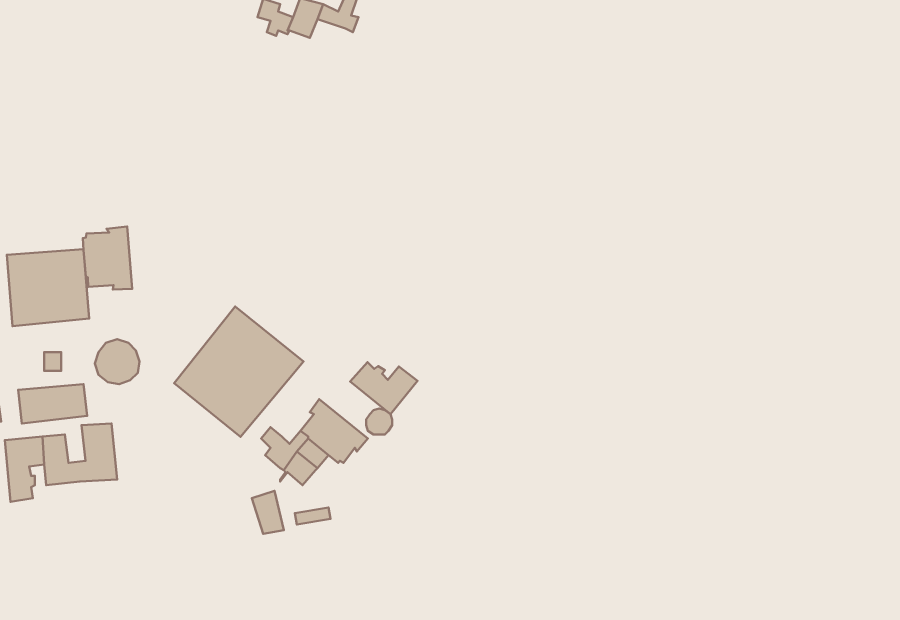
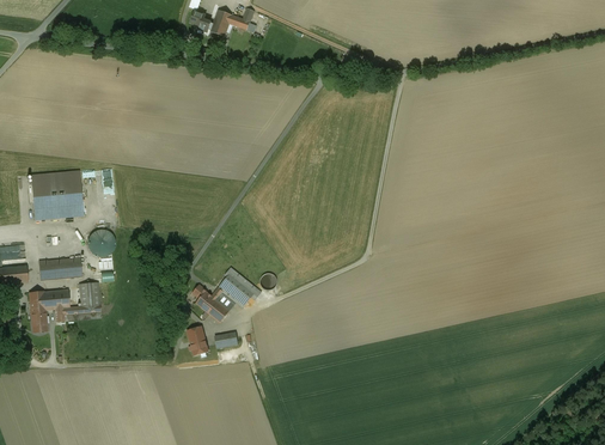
building: [83,227,132,289] -> none
building: [174,306,303,437] -> none
building: [350,362,418,414] -> none

